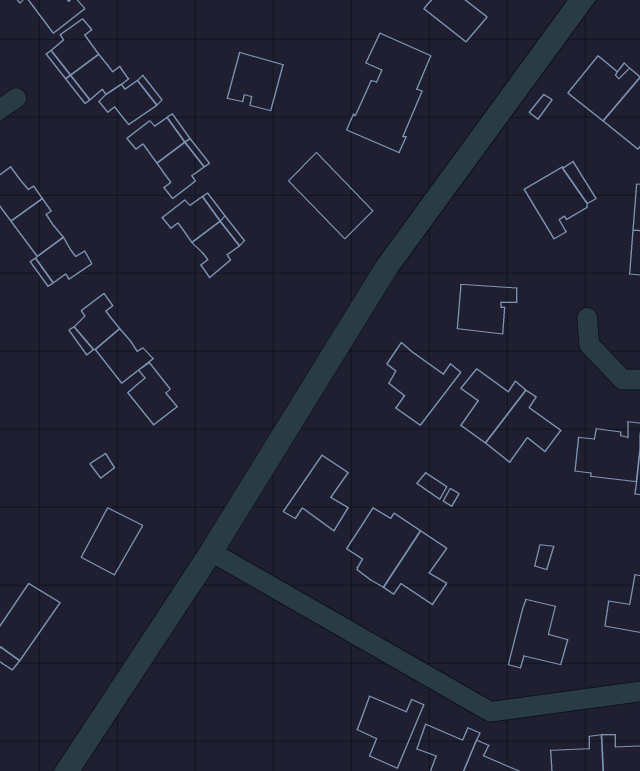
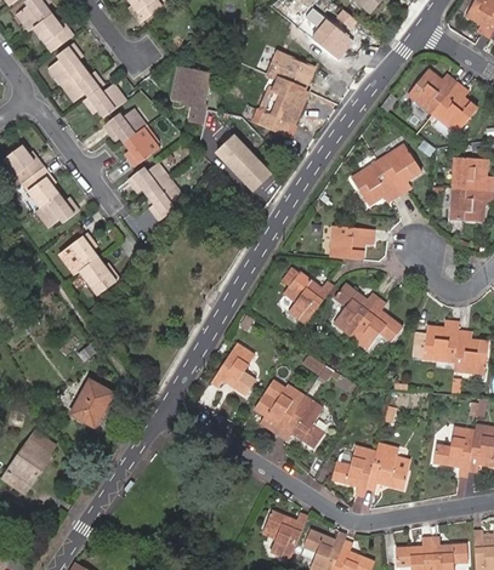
building: none -> [350,160,397,205]
building: [128,362,177,425] -> none
building: none -> [331,445,375,496]

